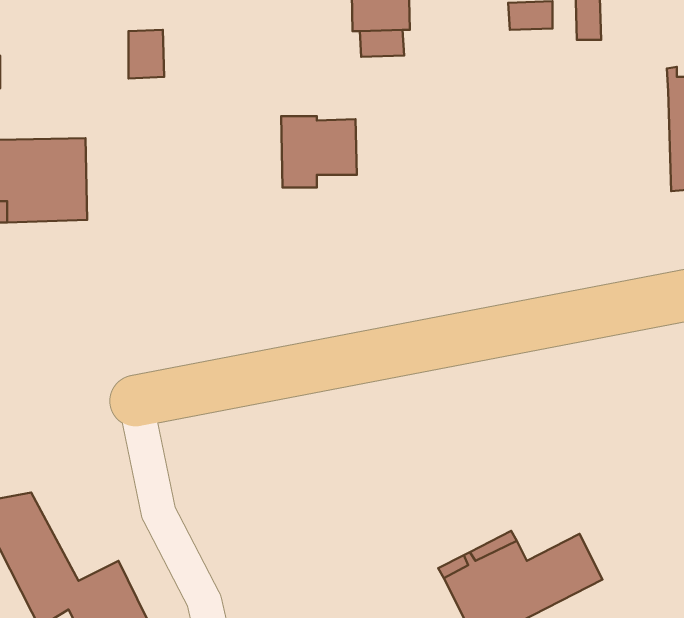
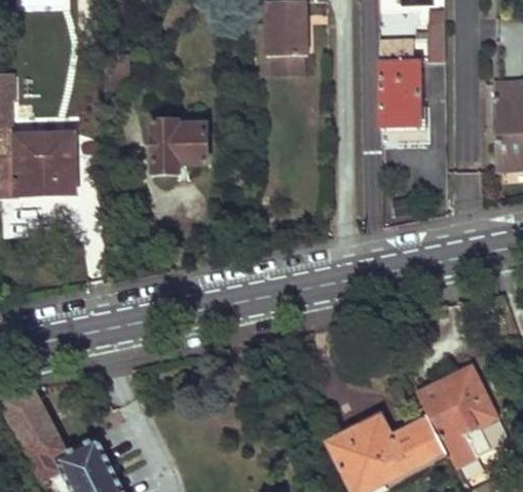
building: none -> [379,62,420,126]
building: [281,116,357,188] -> [152,121,207,173]
building: none -> [417,365,499,467]

